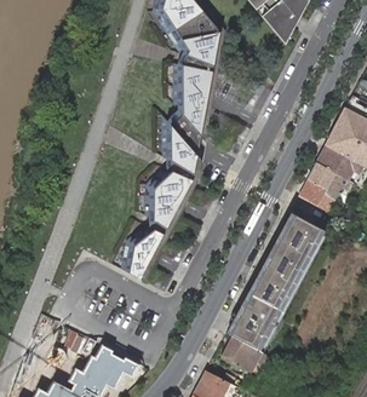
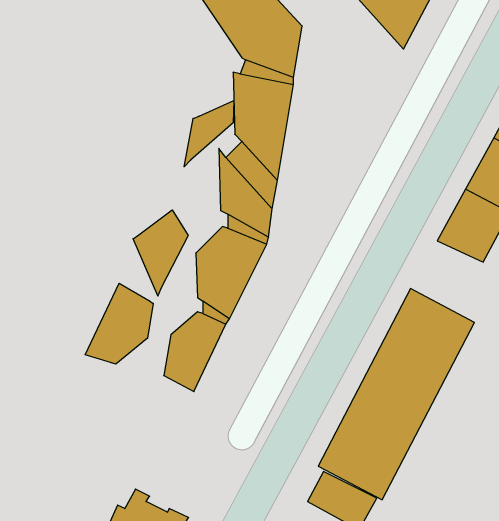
building: none -> [184,100,234,167]
building: none -> [133,210,188,296]
building: [300,176,340,207] -> none
building: none -> [85,283,153,364]

